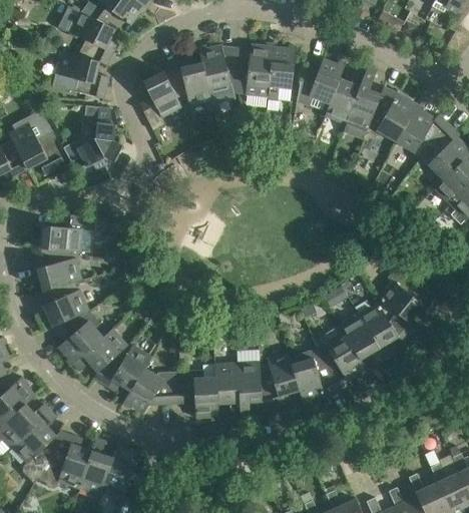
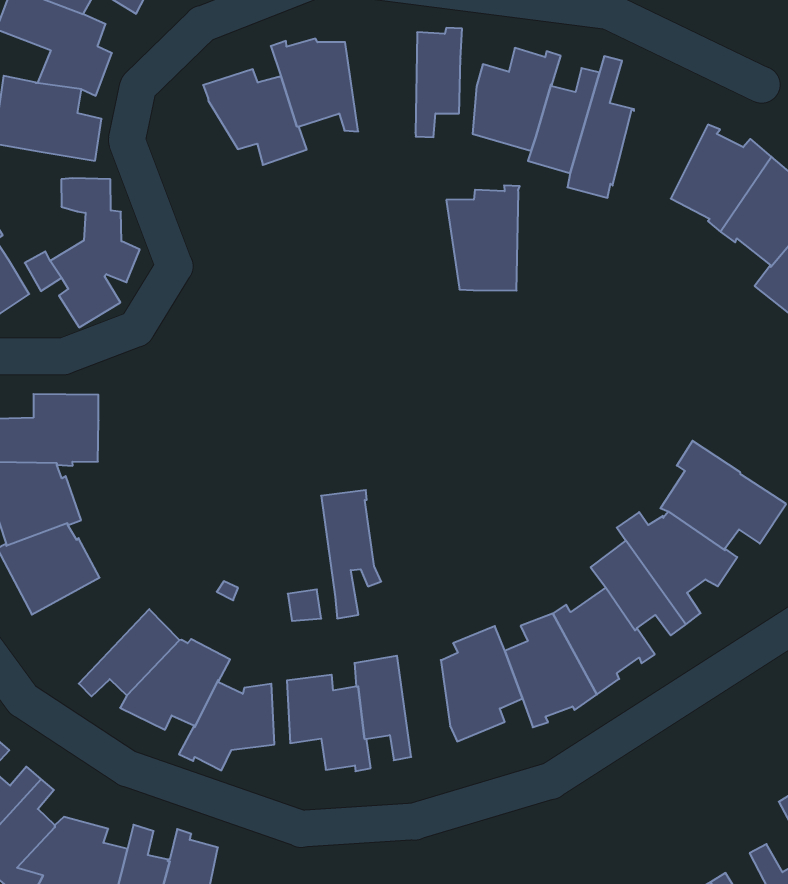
building: [236,42,274,96] -> [446,185,520,291]
building: [139,63,181,129] -> none
building: [366,86,417,140] -> none
building: [52,310,102,365] -> none
building: [237,361,264,425] -> [321,490,381,618]

